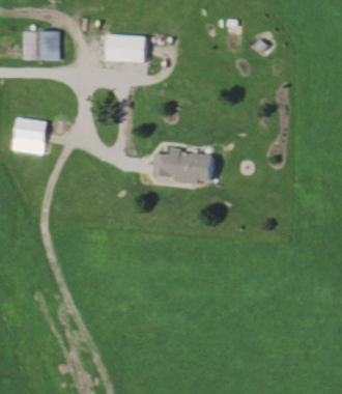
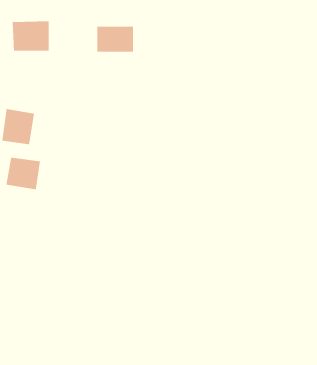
building: [152,149,211,184] -> none
building: none -> [6,157,40,190]

